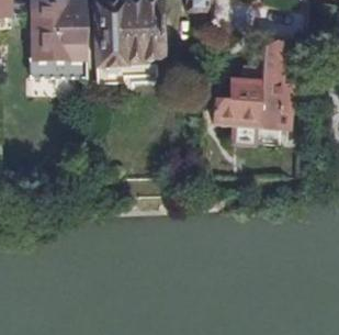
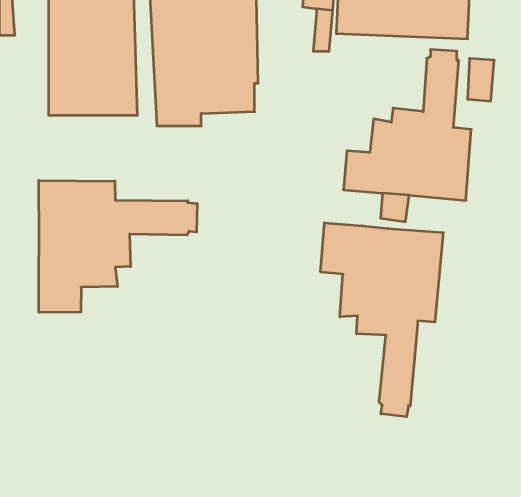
building: none -> [39,180,197,312]
building: none -> [321,223,443,417]

